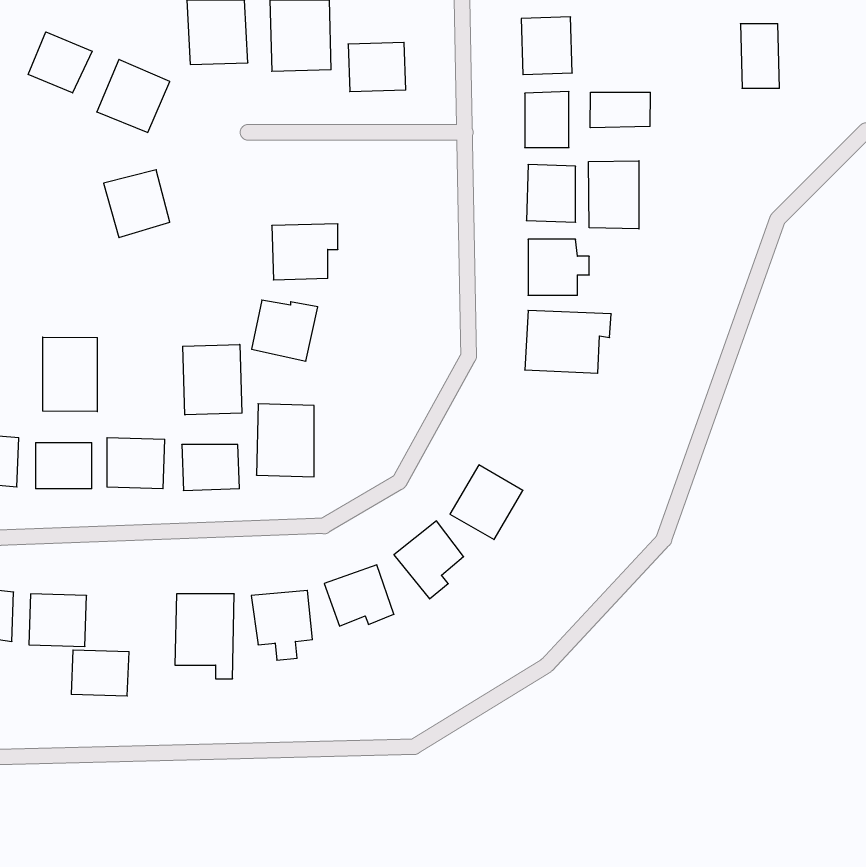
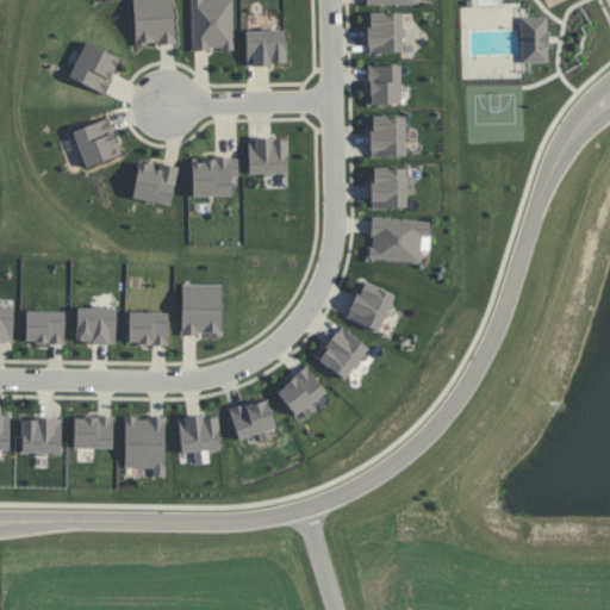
building: [28,32,92,93] -> none
building: [590,92,650,128] -> none
building: [589,161,639,229] -> none
building: none -> [247,138,287,174]
building: [252,300,318,361] -> [131,162,178,205]
building: [43,337,97,412] -> none
building: [183,344,242,415] -> none
building: none -> [346,281,393,331]
building: [71,650,129,696] -> [73,416,113,448]

